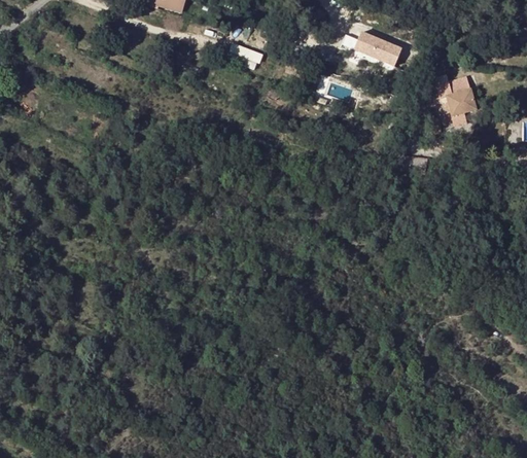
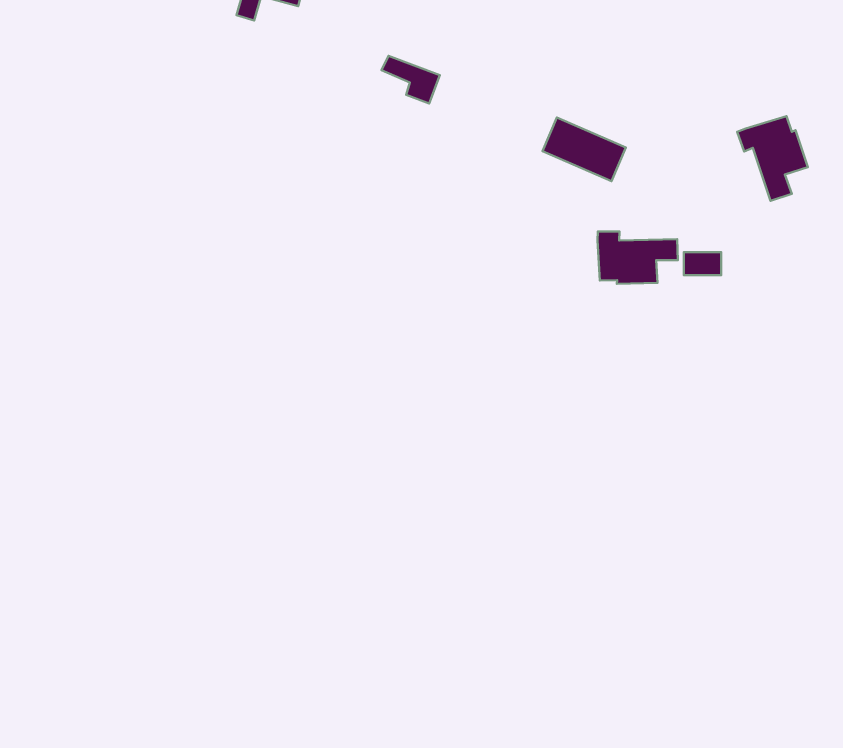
building: [355,30,403,67] -> [543,118,626,181]
building: none -> [598,231,678,284]

